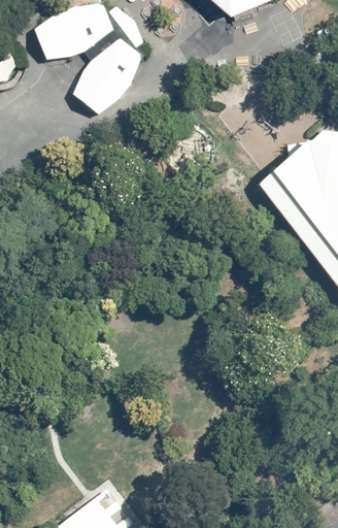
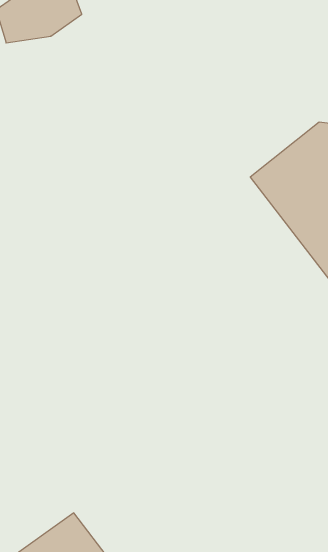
building: [67,41,134,119] -> none

